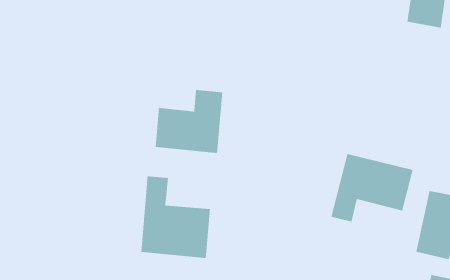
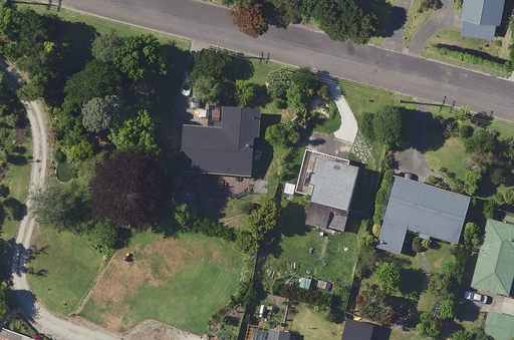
building: none -> [295,150,358,232]
building: [141,176,210,259] -> none

